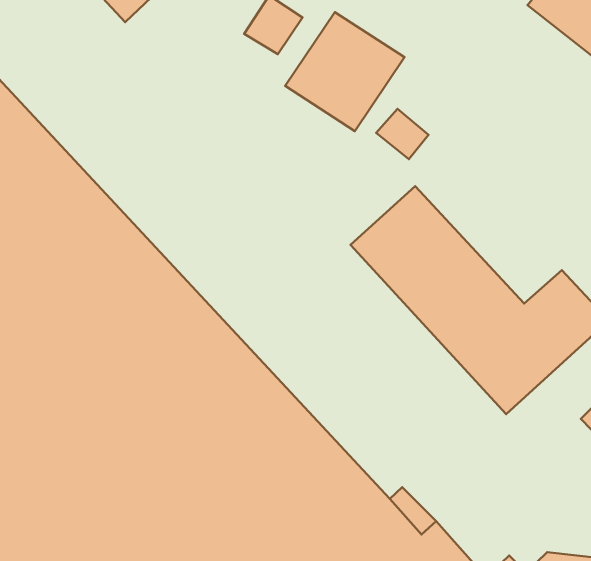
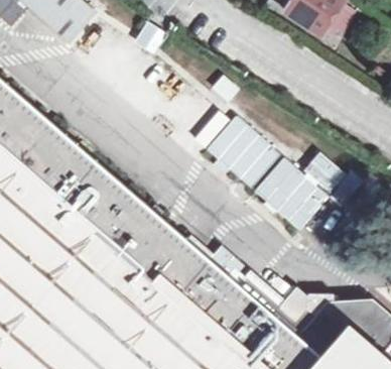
building: [285,12,405,131] -> none

